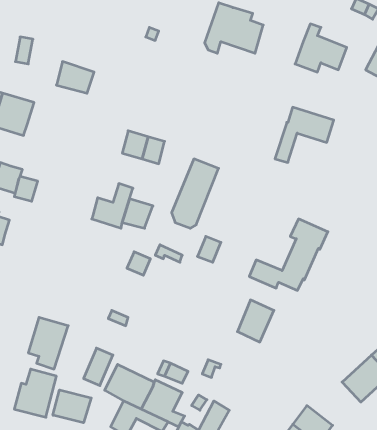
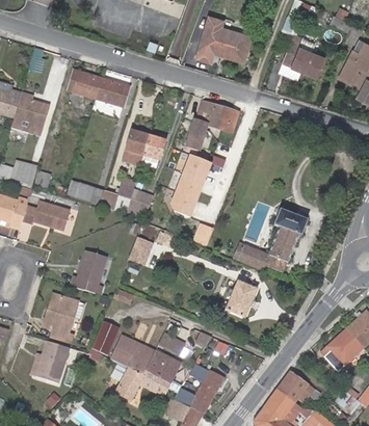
building: none -> [96,77,129,105]
building: [275,107,334,162] -> [187,99,239,148]
building: none -> [65,179,105,207]
building: none -> [23,201,71,232]
building: none -> [72,250,107,294]
building: [53,390,91,423] -> none

